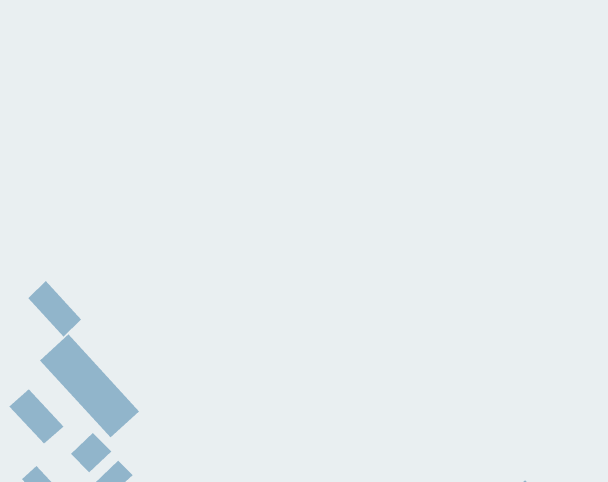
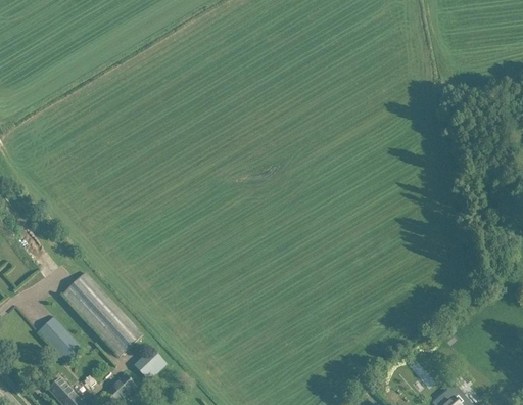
building: [28,280,82,337] -> none
building: [70,432,112,473] -> [134,349,168,381]

